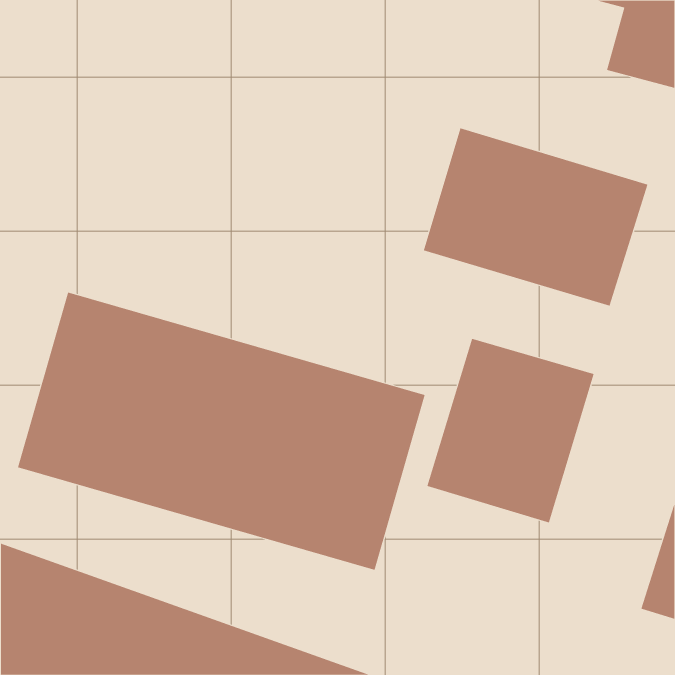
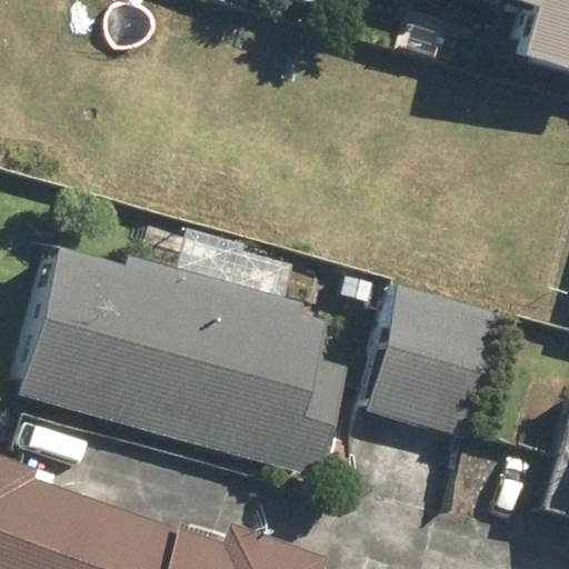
building: [423,127,648,307] -> none

